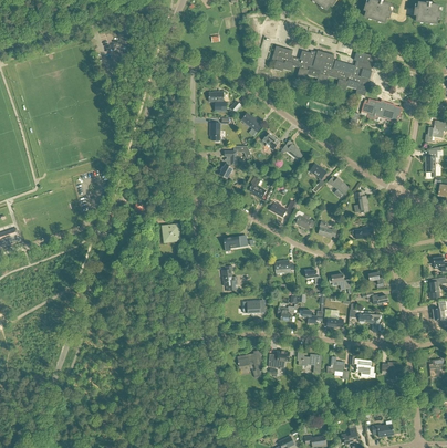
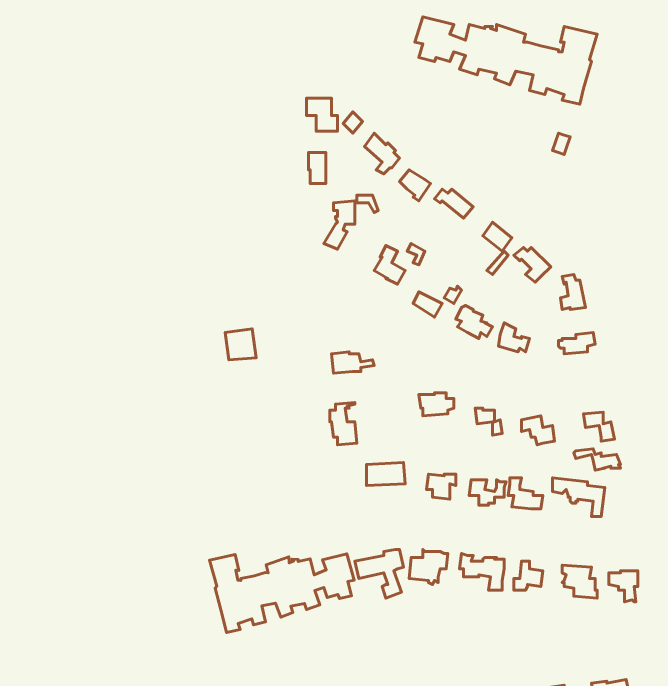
building: [361,98,402,122] -> none
building: none -> [209,554,354,632]

